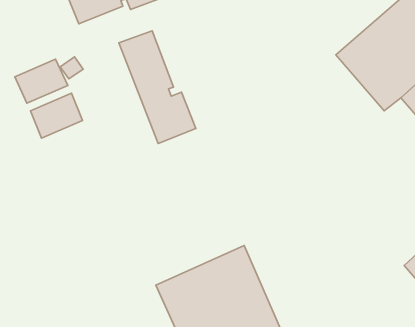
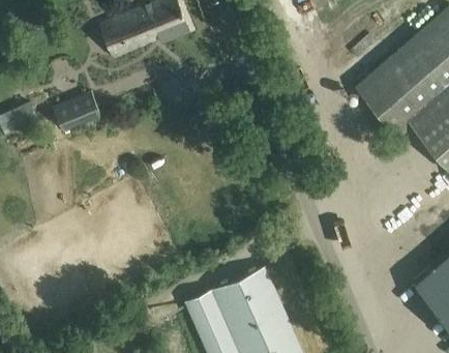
building: [119,31,196,144] -> none
building: [30,93,83,138] -> none

